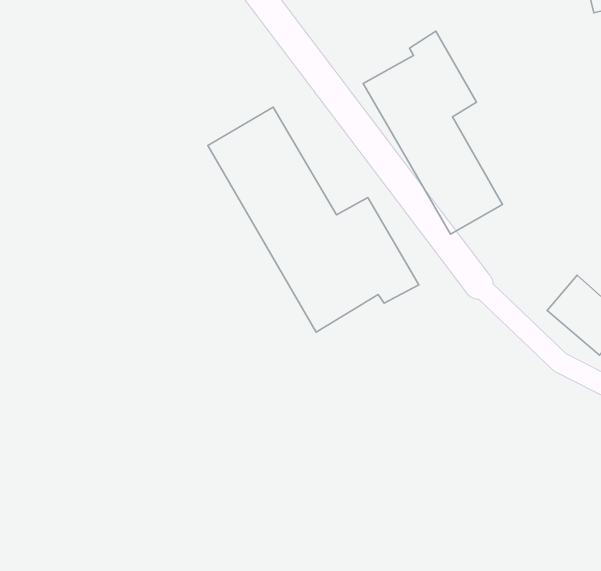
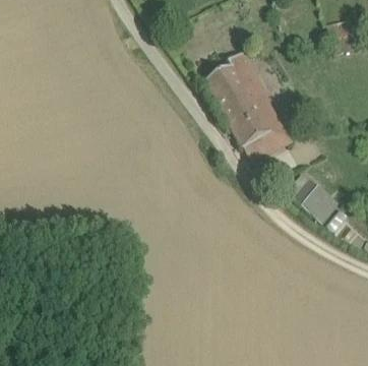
building: [208,107,419,332] -> none

